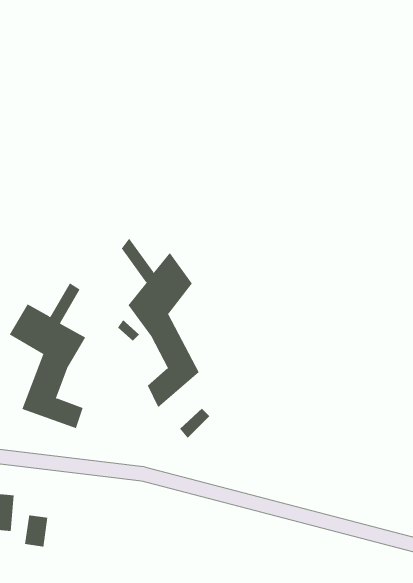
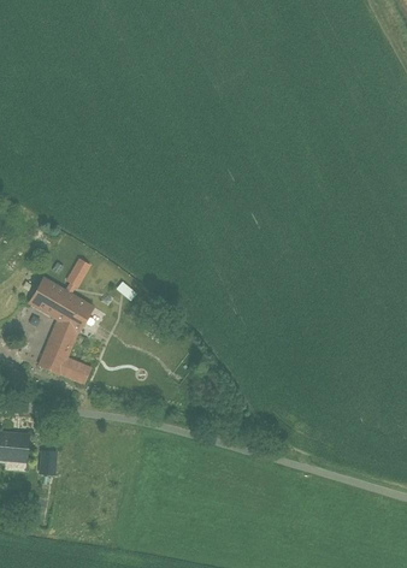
building: [121,238,200,408] -> none

